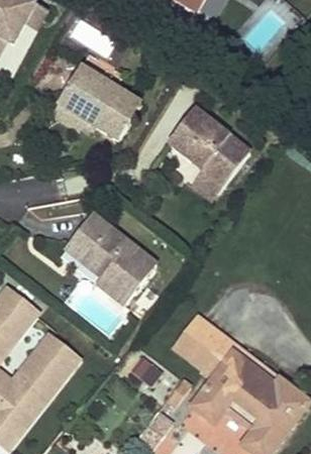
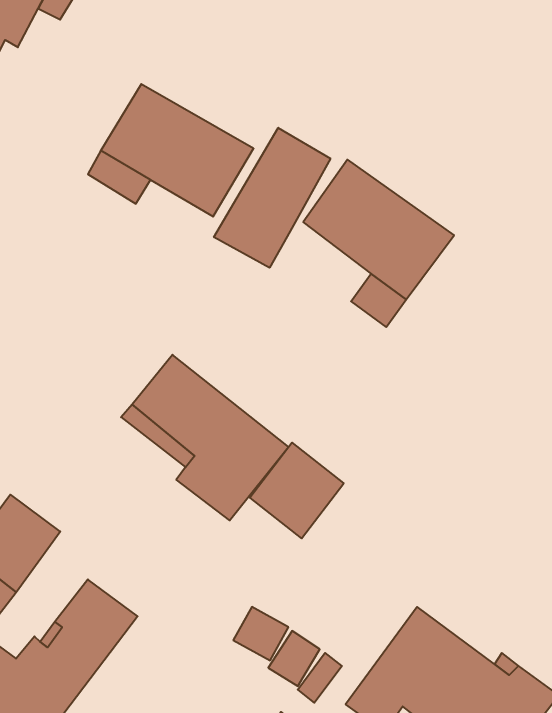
building: none -> [214,128,330,268]
building: [171,314,222,366] -> [250,443,344,538]

